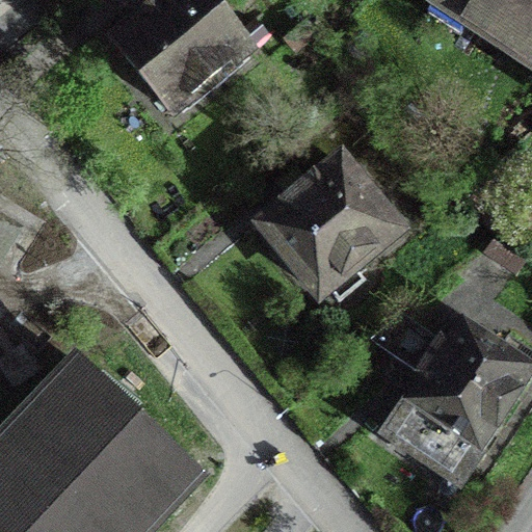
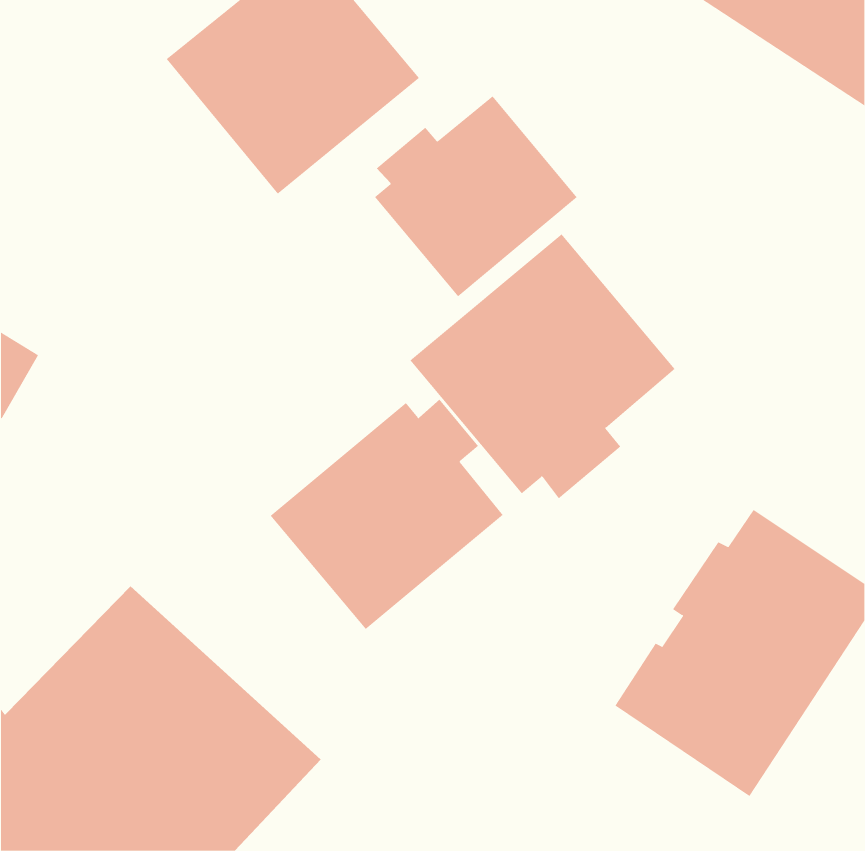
building: none -> [374,95,578,297]
building: none -> [270,399,504,630]

